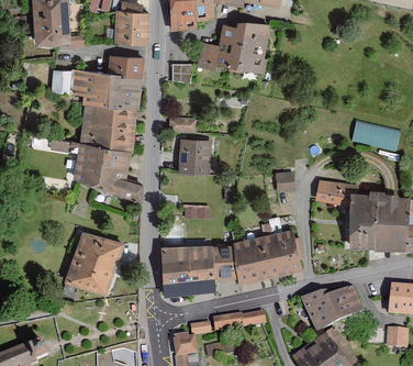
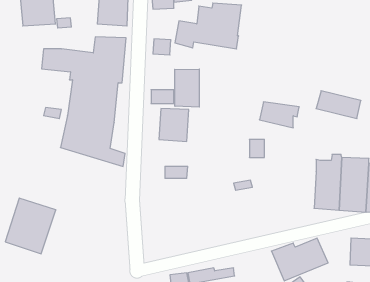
building: none -> [175,69,199,107]
building: [315,179,359,208] -> [259,102,299,128]
building: [160,230,303,297] -> none
building: [68,231,124,292] -> [5,198,56,254]

